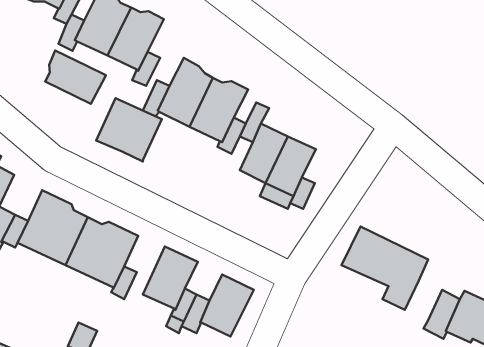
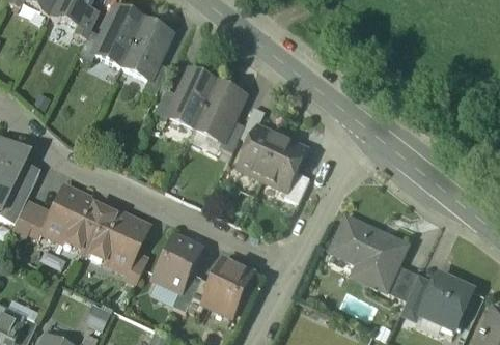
building: [45,51,106,104] -> none
building: [96,98,162,162] -> none
building: none -> [385,263,417,298]

